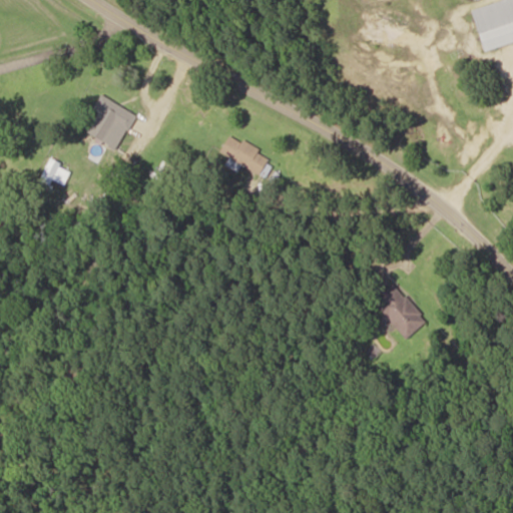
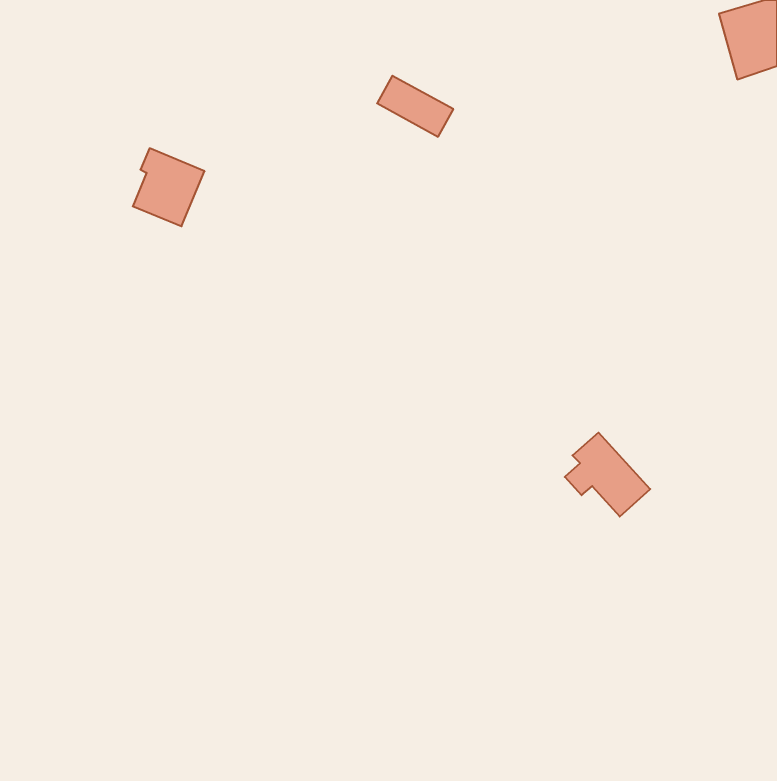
building: [219,134,270,174] -> [377,76,453,137]
building: [37,159,71,189] -> none

